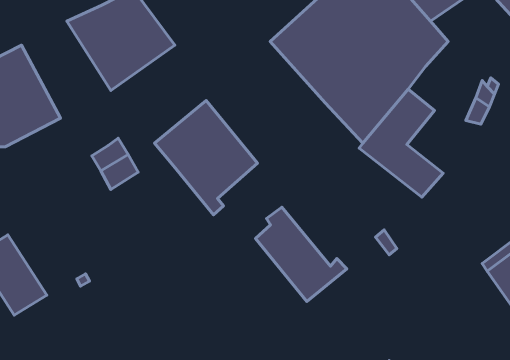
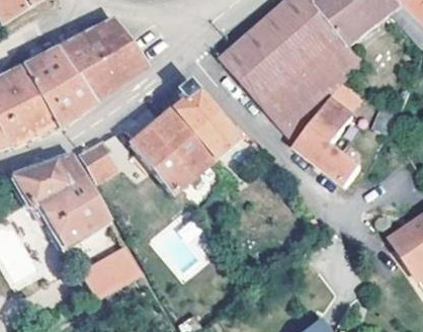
building: none -> [22,45,94,128]
building: none -> [12,155,108,244]
building: [255,207,347,301] -> [171,83,245,159]
building: none -> [79,247,142,301]

